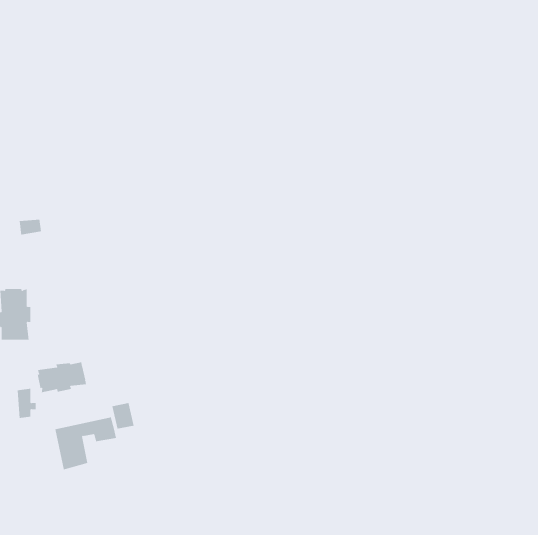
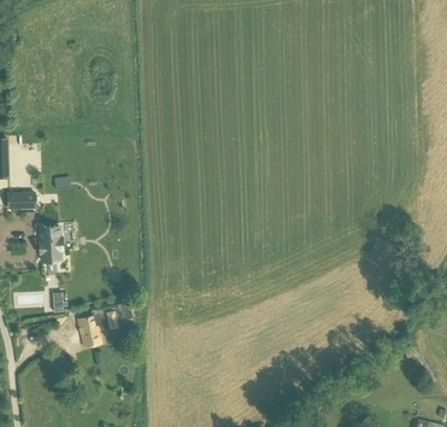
building: [37,361,87,393] -> none

